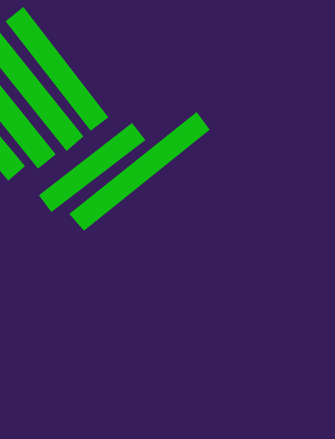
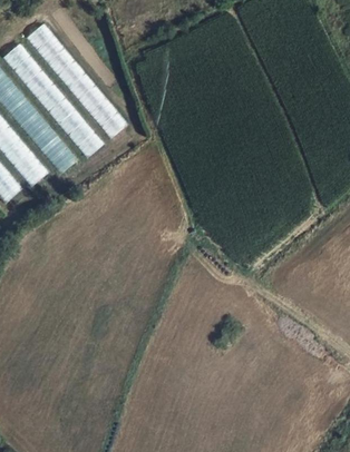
building: [68,111,211,232] -> none
building: [38,122,147,213] -> none

